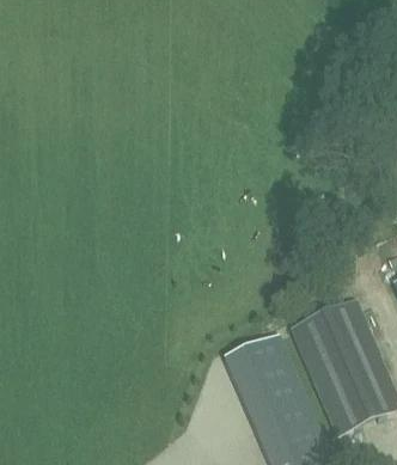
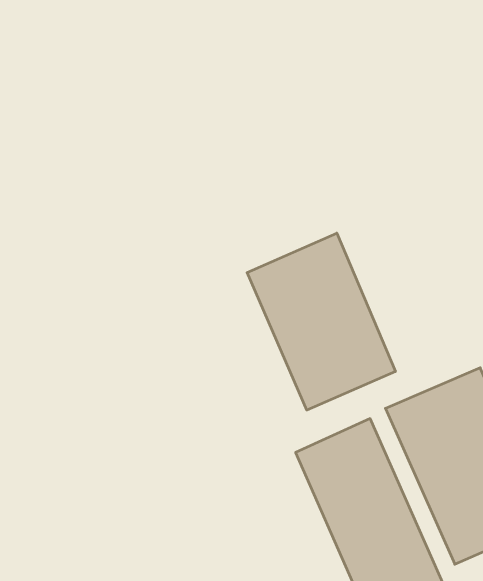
building: none -> [247,233,395,410]

